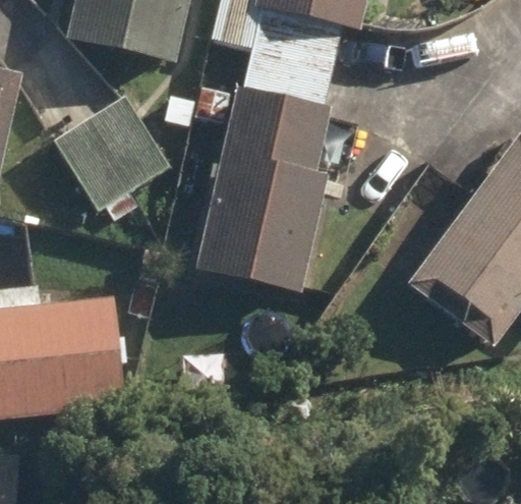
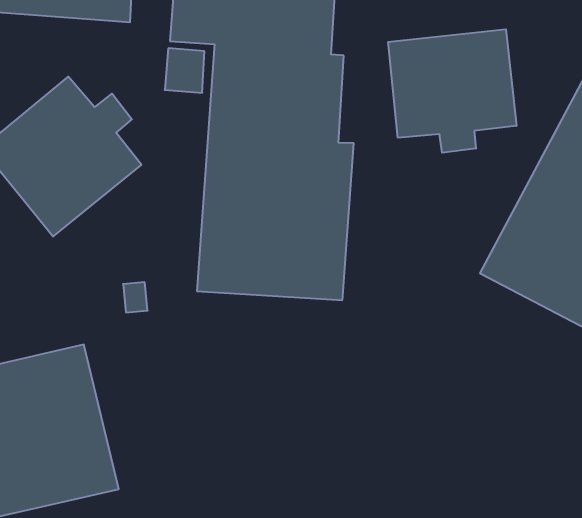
building: none -> [388,29,516,153]

